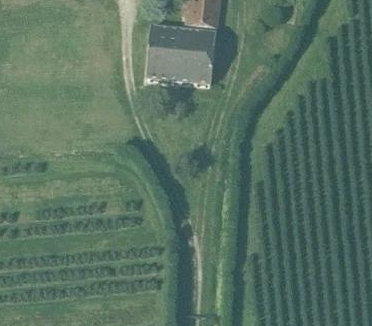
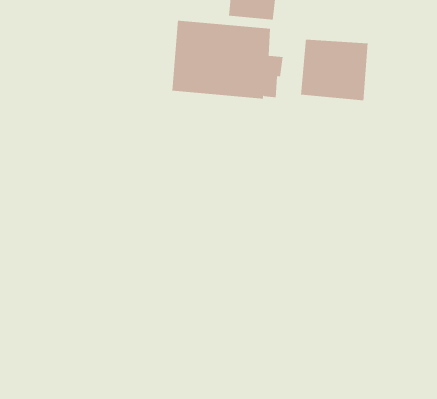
building: none -> [300,39,368,101]

